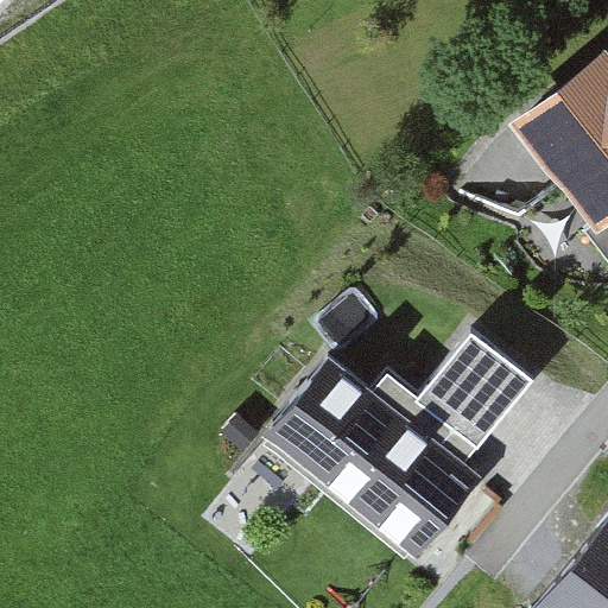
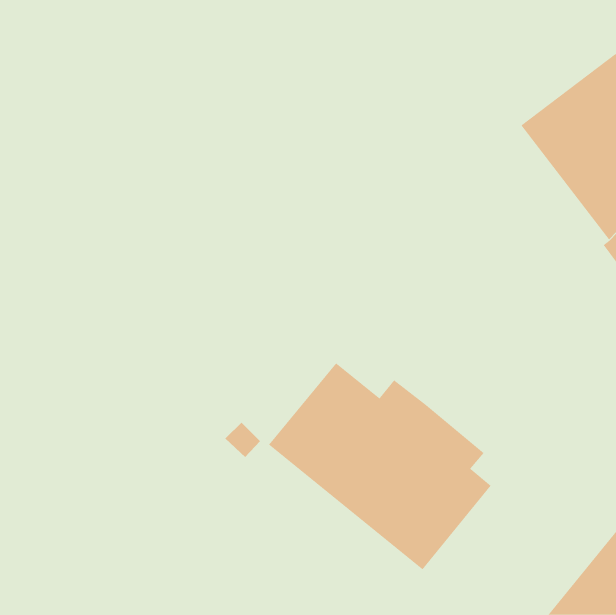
building: [420,334,530,445] -> none

